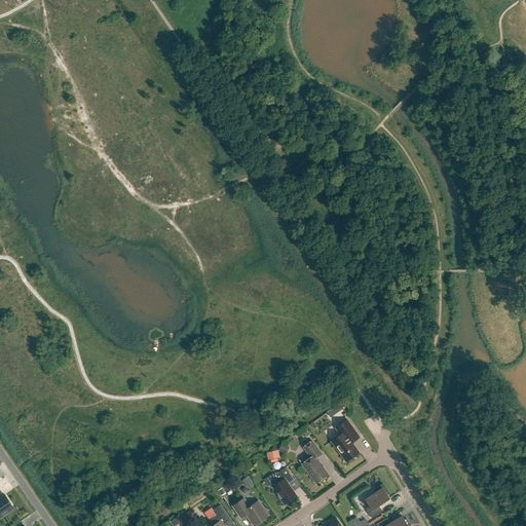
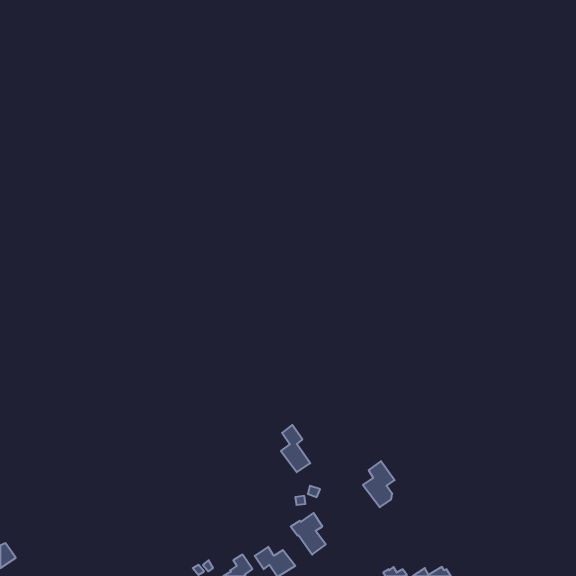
building: [302,441,329,484] -> [281,425,310,472]
building: [365,484,390,519] -> none

